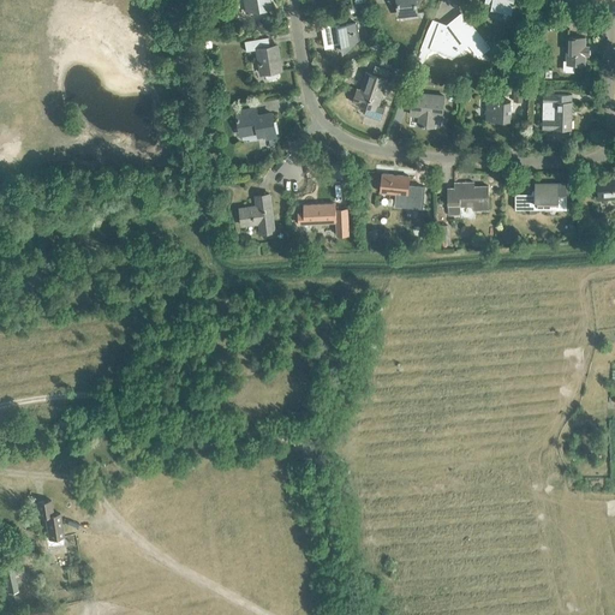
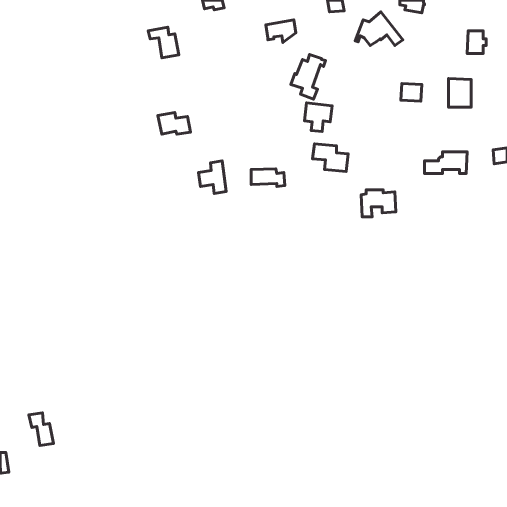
building: [244,37,281,74] -> [148,27,179,58]
building: [410,94,443,129] -> [304,103,332,132]
building: [235,109,275,136] -> [158,112,191,134]
building: [447,184,489,216] -> [361,190,396,217]

